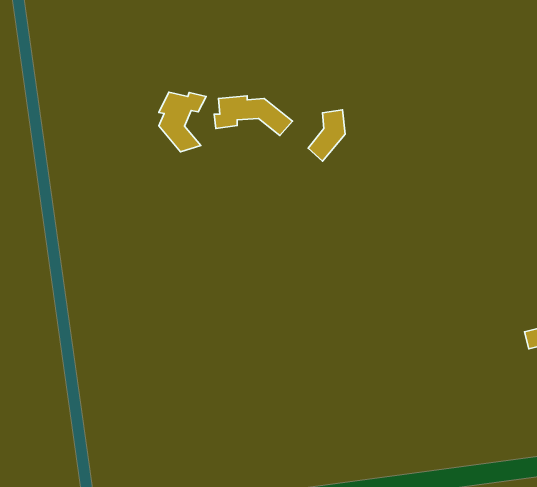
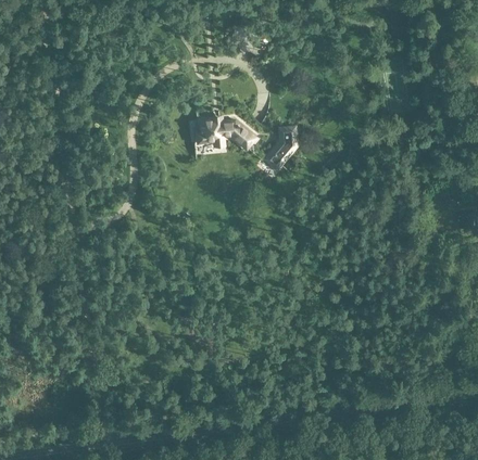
building: [159,92,206,152] -> none

